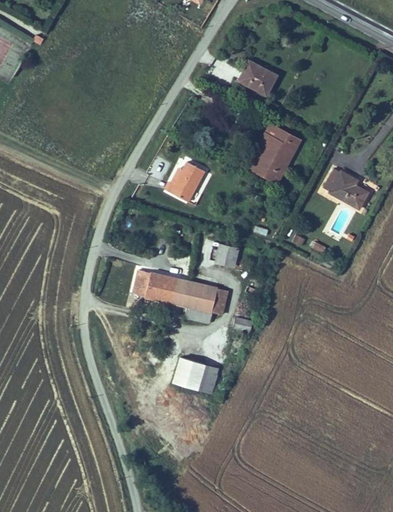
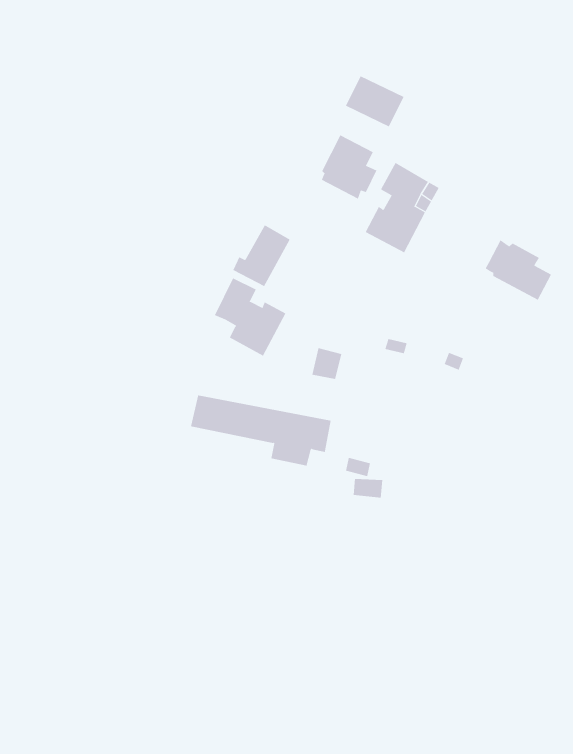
building: none -> [321,135,377,200]
building: none -> [214,278,286,357]
building: [177,354,220,389] -> none

